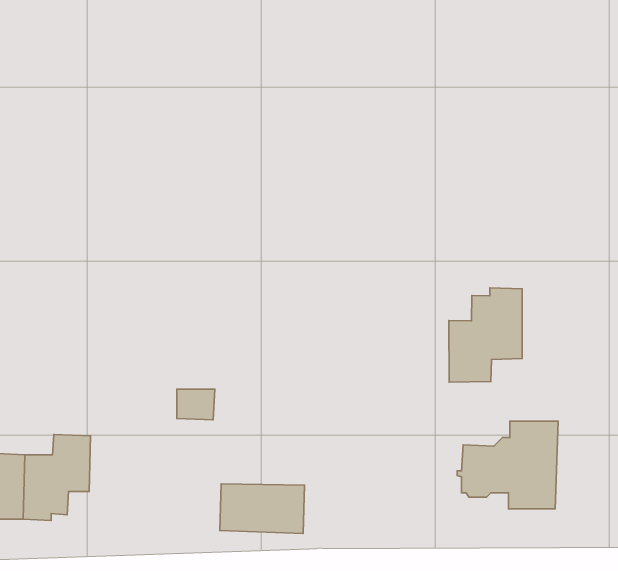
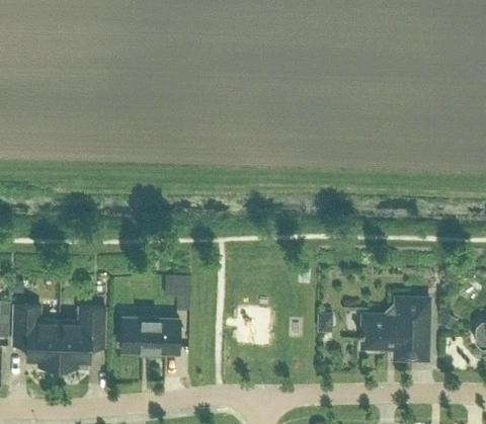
building: [449,288,522,382] -> none
building: [220,484,305,533] -> [122,320,180,354]

